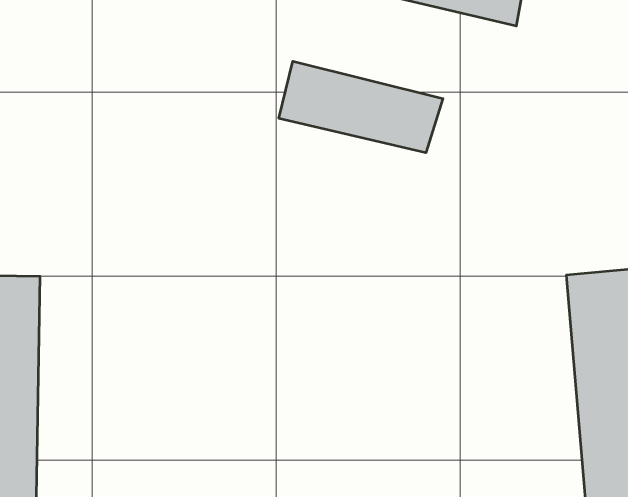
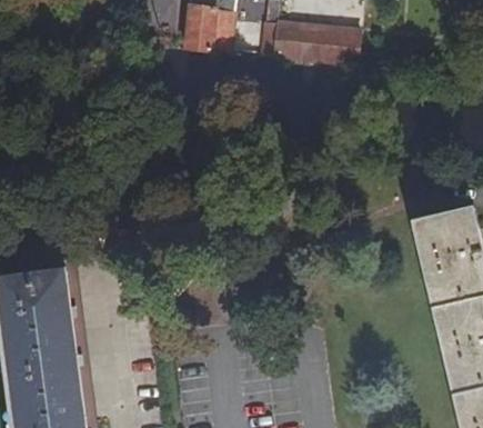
building: [279,61,443,153] -> none

